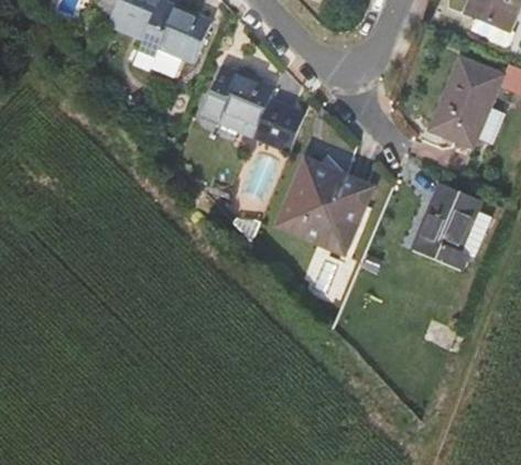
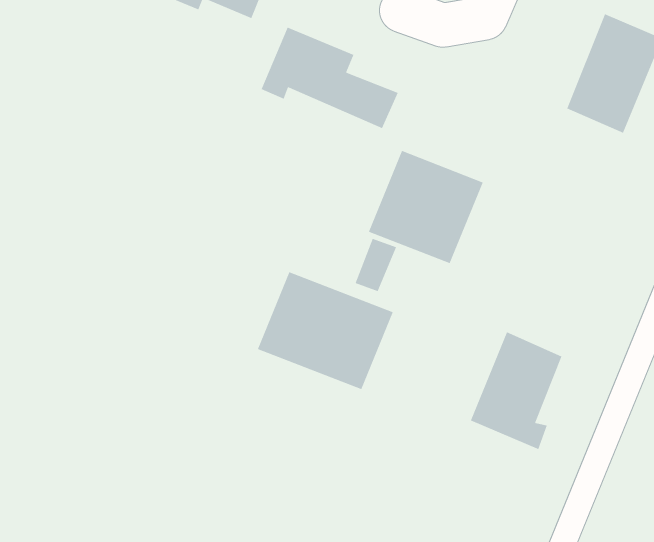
building: [414,182,484,271] -> [470,331,562,450]
building: none -> [257,271,394,390]

